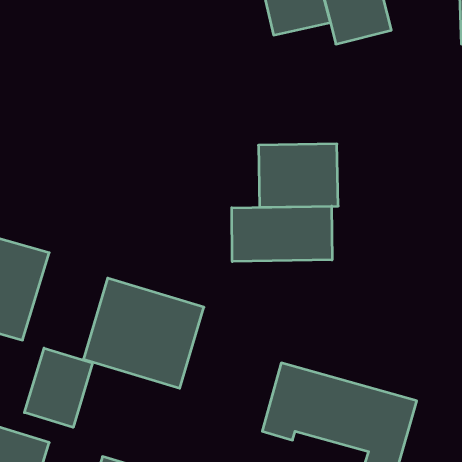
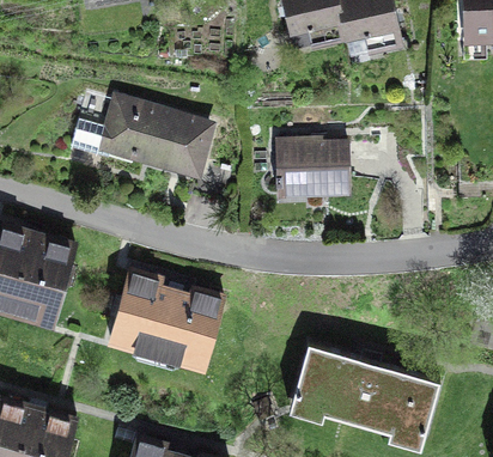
building: none -> [98,96,214,176]
building: [232,206,332,262] -> none
building: [24,348,93,427] -> none

